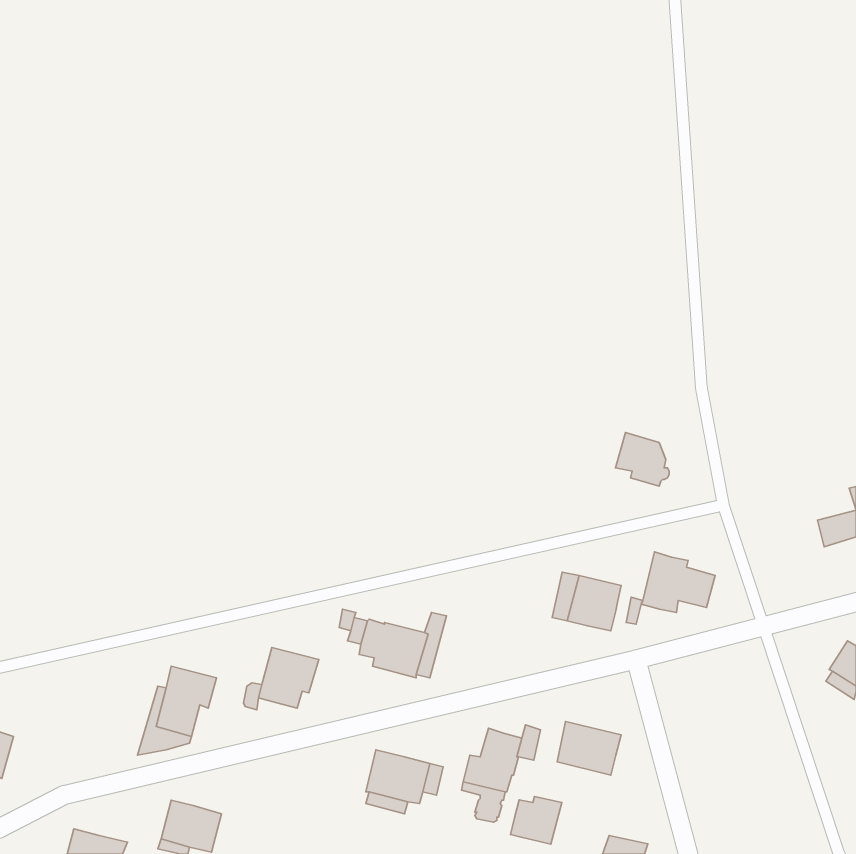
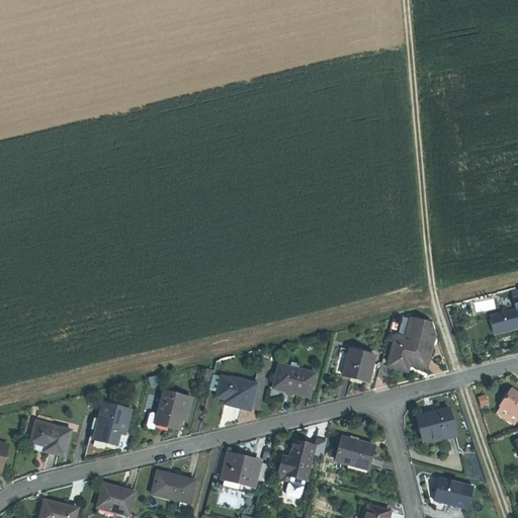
building: [615,433,669,486] -> [405,315,437,347]
building: none -> [273,362,315,395]
building: none -> [416,407,456,440]
building: none -> [30,420,71,455]
building: none -> [152,469,195,501]
building: none -> [423,472,472,511]
building: [510,797,562,844] -> none

